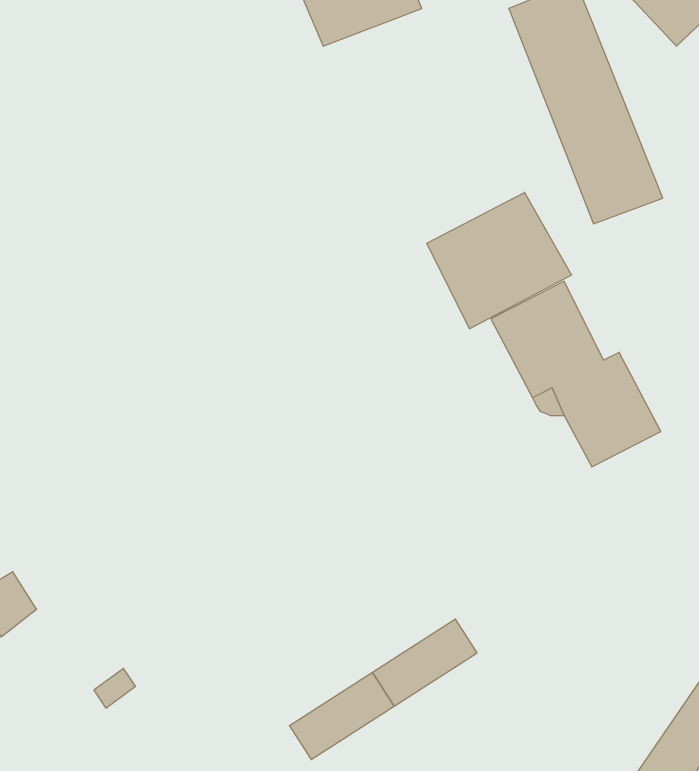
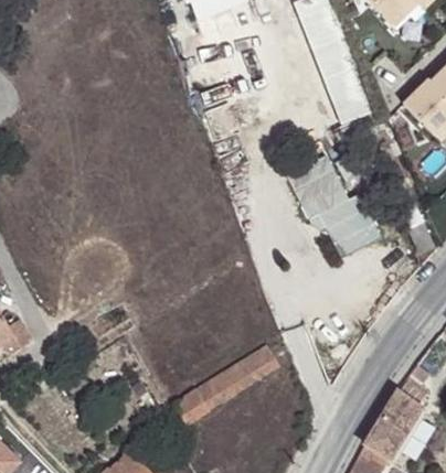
building: [427,192,572,329] -> none

